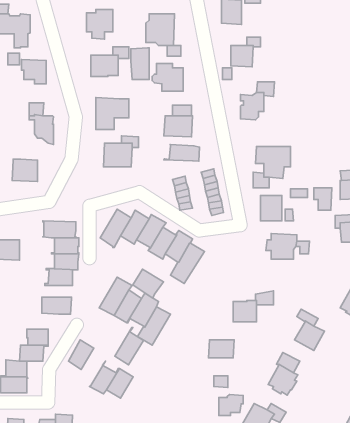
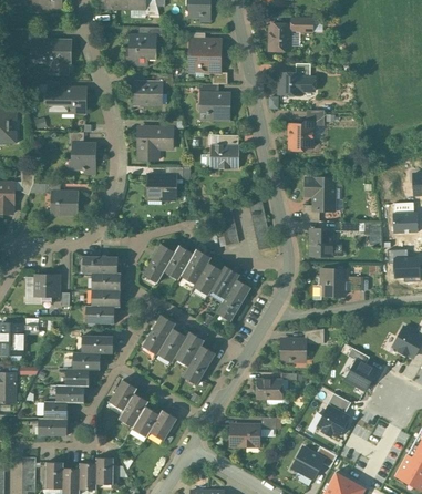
building: [131,48,149,79] -> none
building: [164,145,199,161] -> none
building: [133,269,163,298] -> none
building: none -> [73,352,100,370]
building: [115,328,143,365] -> [119,389,148,428]
building: [219,394,243,416] -> [233,424,258,446]

